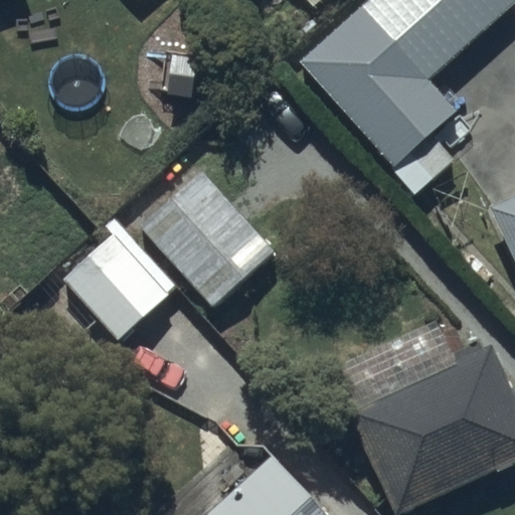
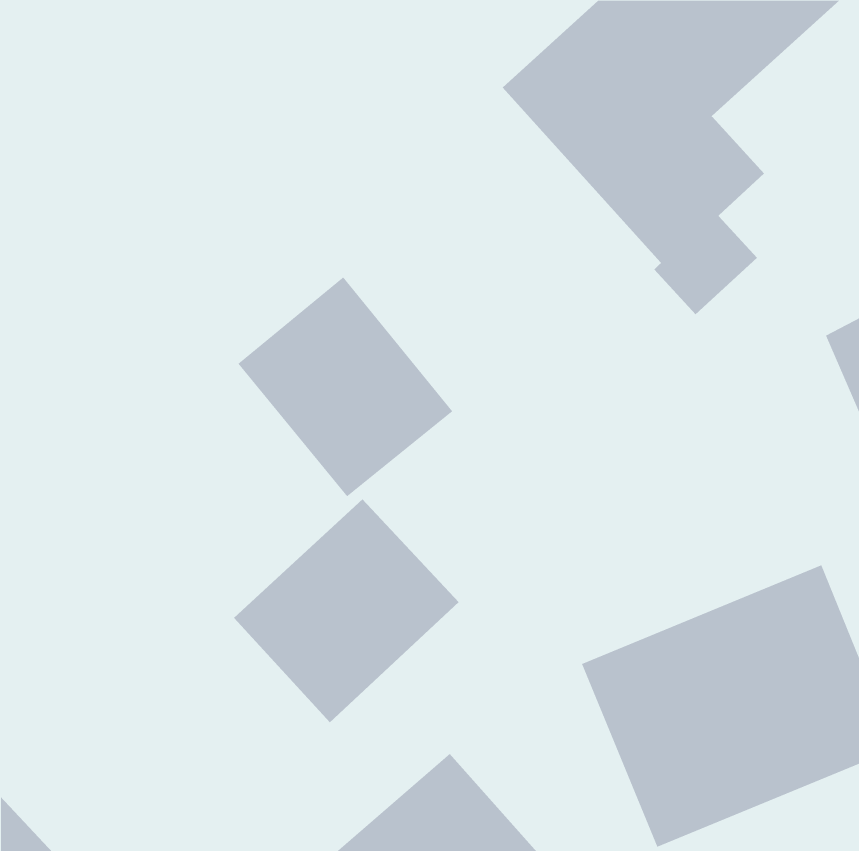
building: [61,232,167,339] -> none
building: none -> [233,498,460,723]

